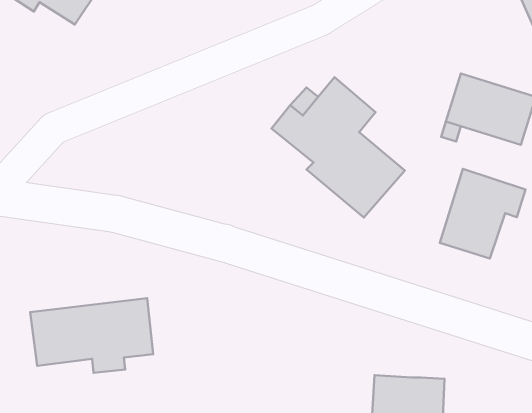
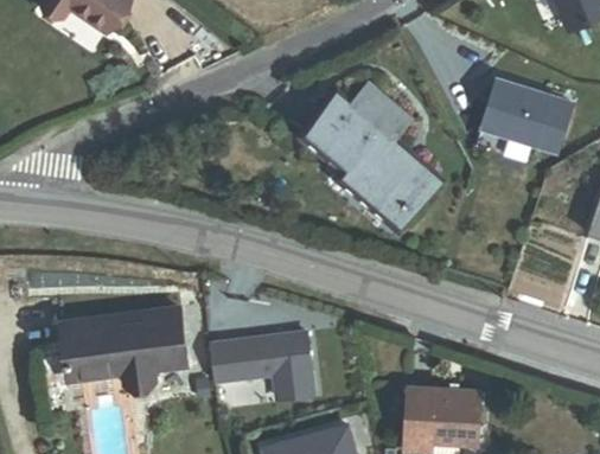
building: [440,169,525,258] -> none
building: none -> [211,330,315,398]

